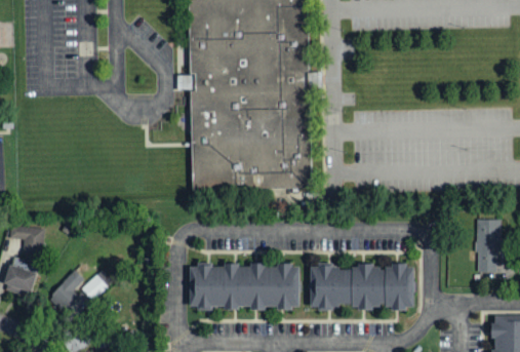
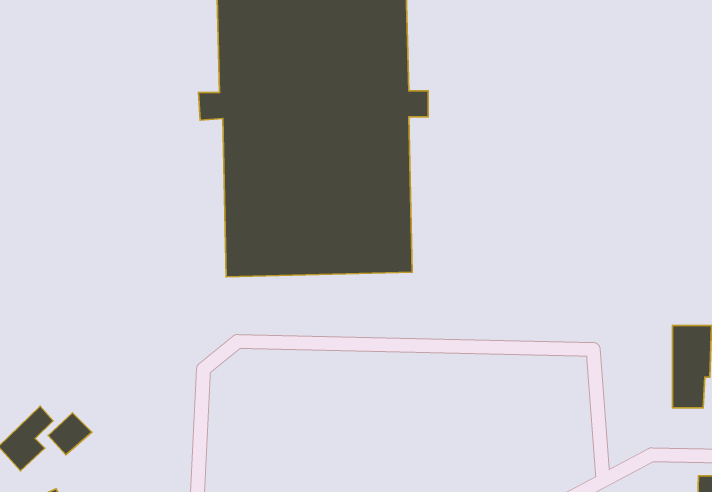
building: [189,264,298,308] -> none
building: [310,265,411,308] -> none

